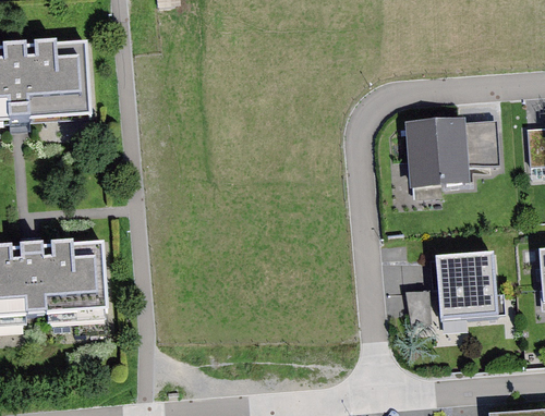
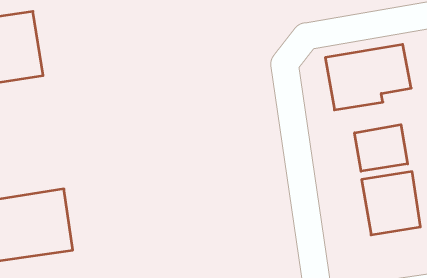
building: none -> [355,125,408,171]

